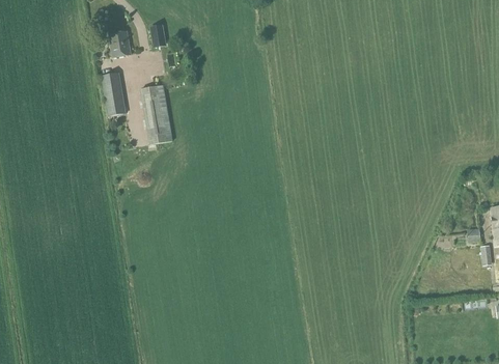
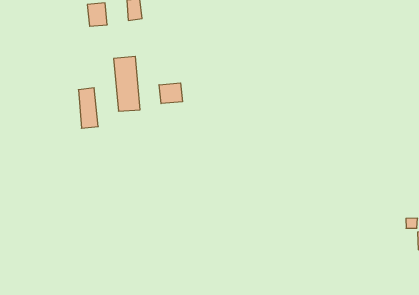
building: [102,72,126,115] -> [78,88,98,128]
building: none -> [159,83,182,104]

